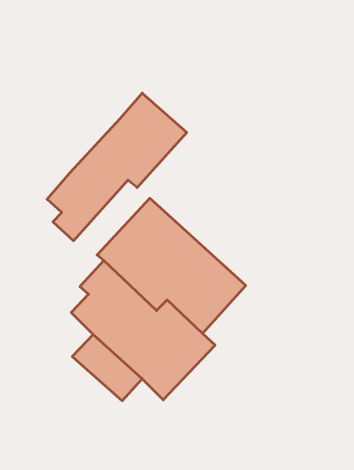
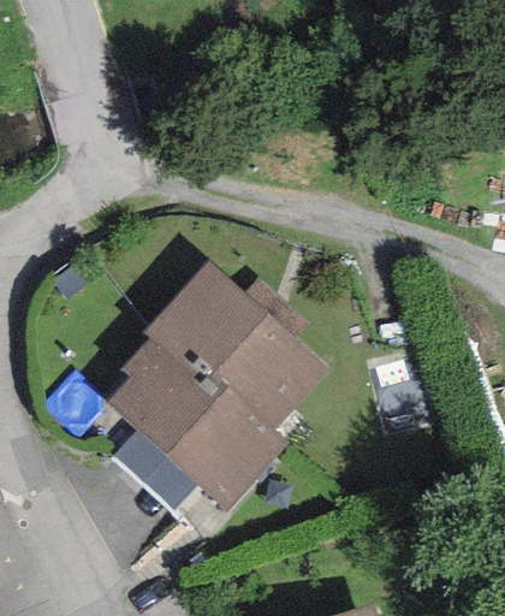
building: [47,93,187,241] -> none

